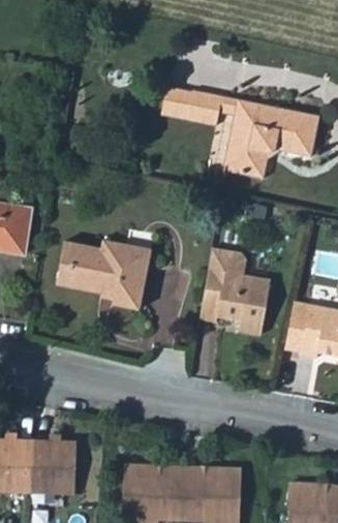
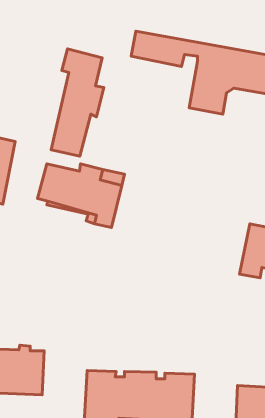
building: none -> [51,49,104,156]
building: [201,246,274,338] -> none

